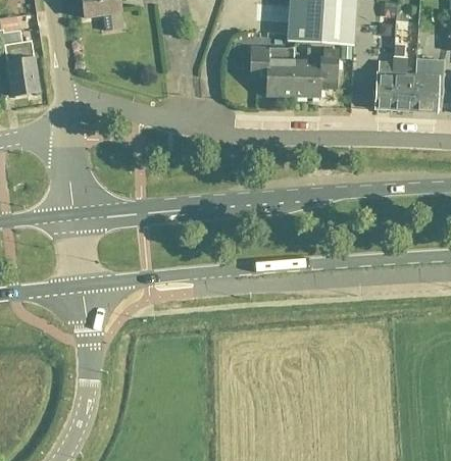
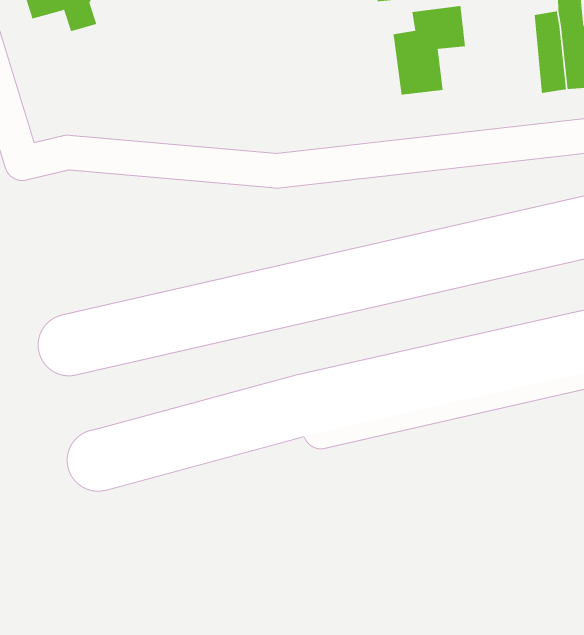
building: [250,45,294,96] -> none

